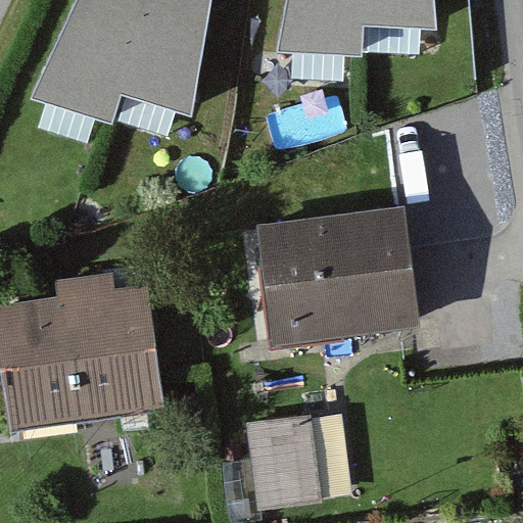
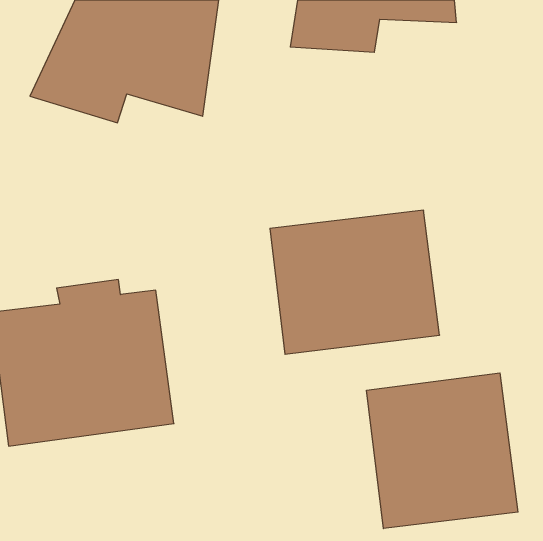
building: none -> [367,373,518,529]
building: [245,416,322,511] -> none

